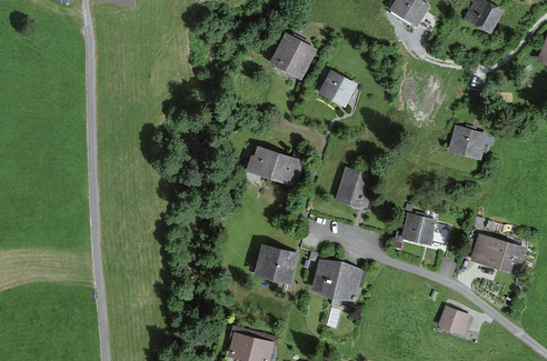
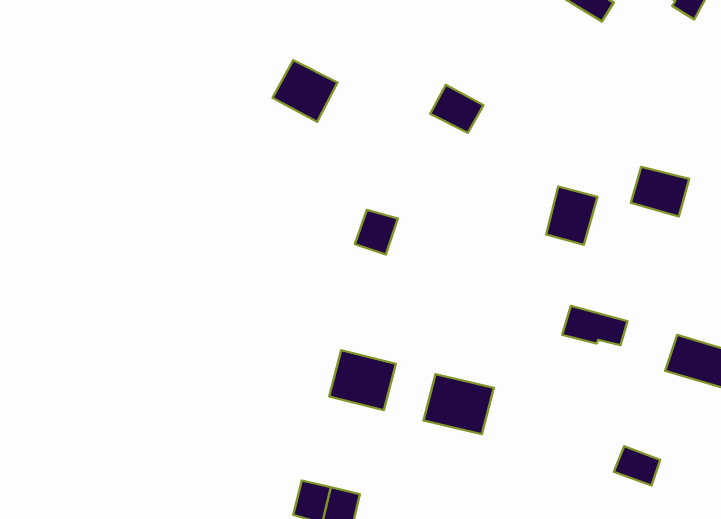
building: [271,37,314,77] -> [272,60,338,122]
building: [250,148,278,177] -> none
building: [336,169,369,207] -> [546,187,598,245]

